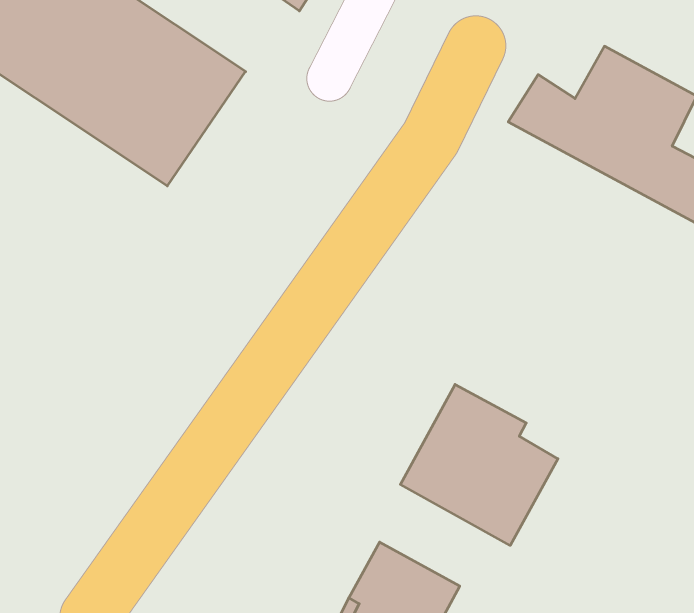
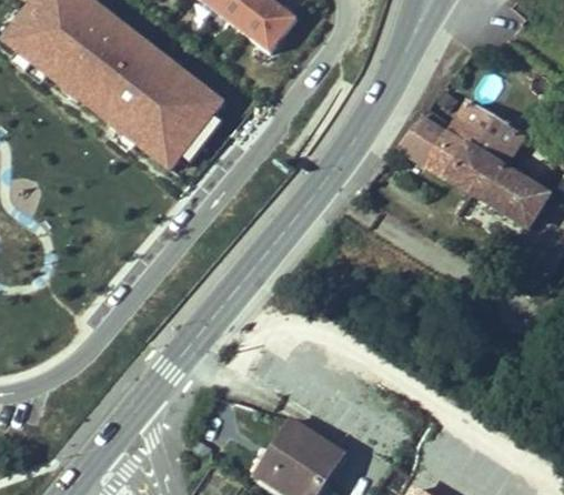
building: [400,384,558,545] -> none

